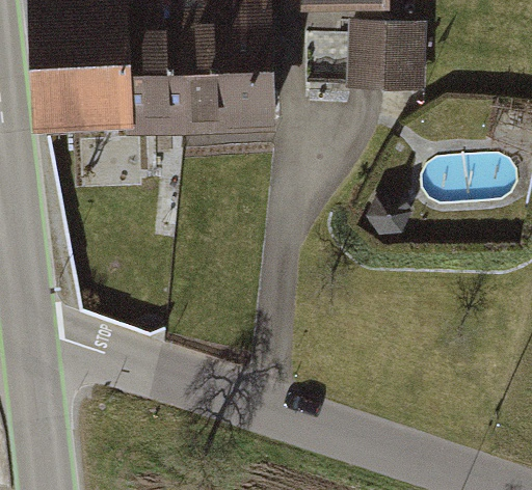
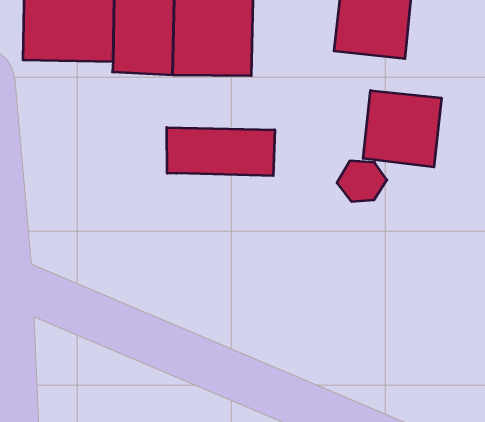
building: none -> [363,90,441,167]
building: none -> [167,127,275,176]

